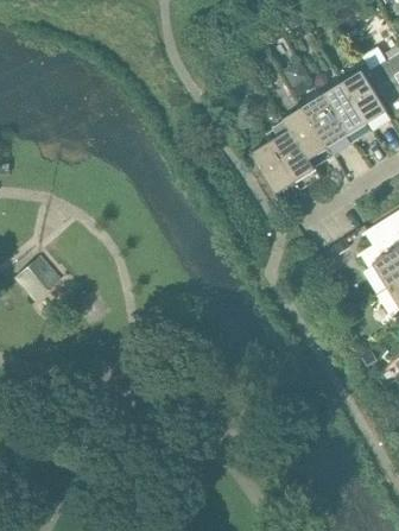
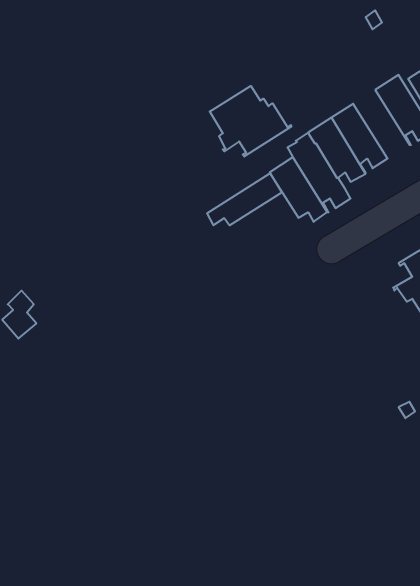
building: none -> [210,86,291,157]
building: [322,82,370,141] -> none
building: none -> [207,173,282,225]

